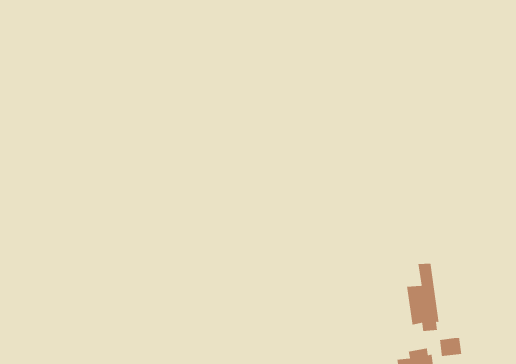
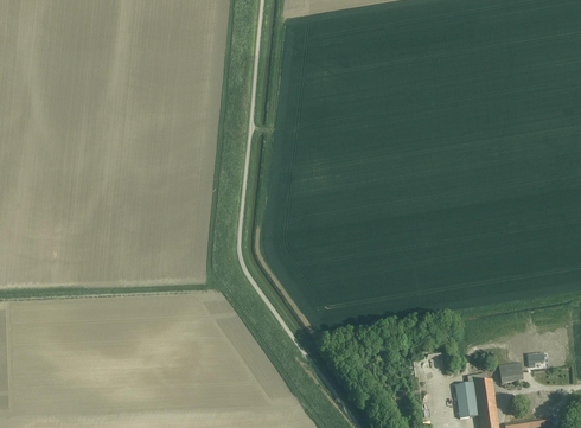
building: [406,263,440,332] -> none

